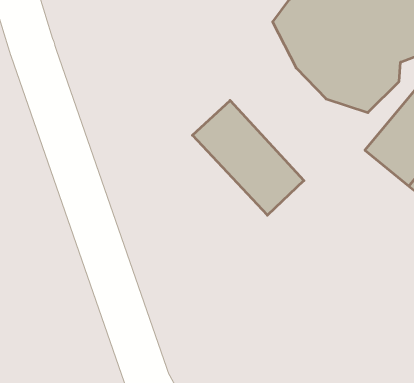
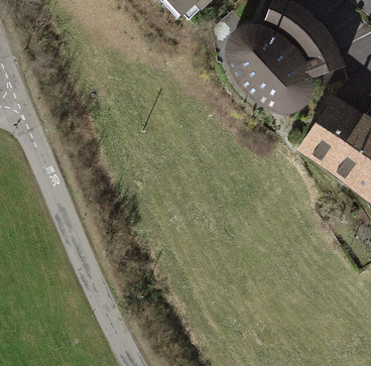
building: [192,100,304,215] -> none

